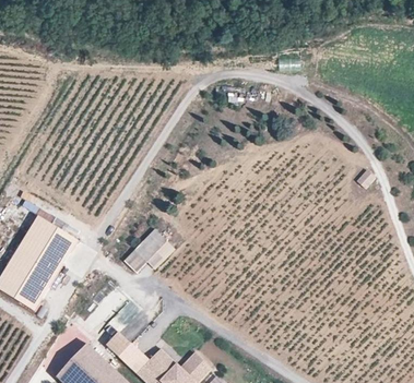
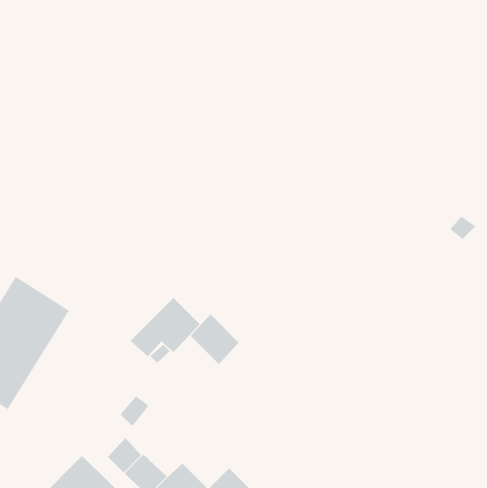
building: none -> [190,314,240,365]

